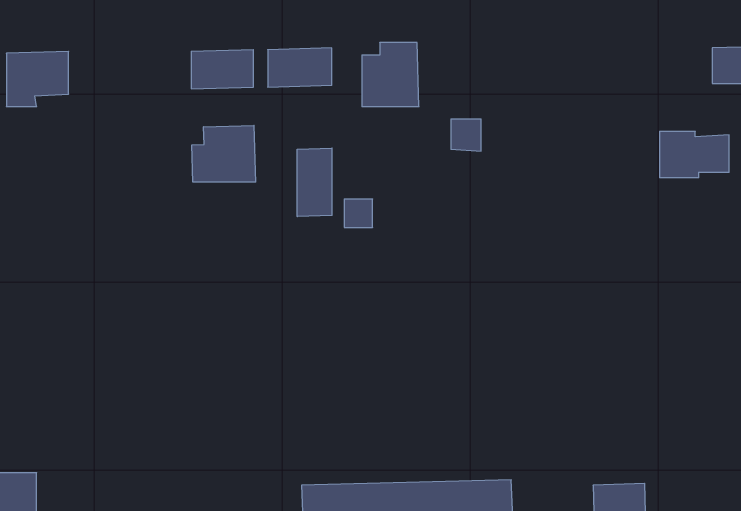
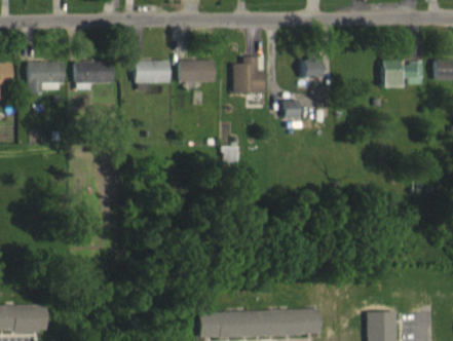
building: none -> [303,60,325,78]
building: none -> [75,62,113,89]
building: [192,125,256,182] -> none
building: [660,131,729,178] -> [383,61,423,87]
building: [297,148,332,217] -> none

